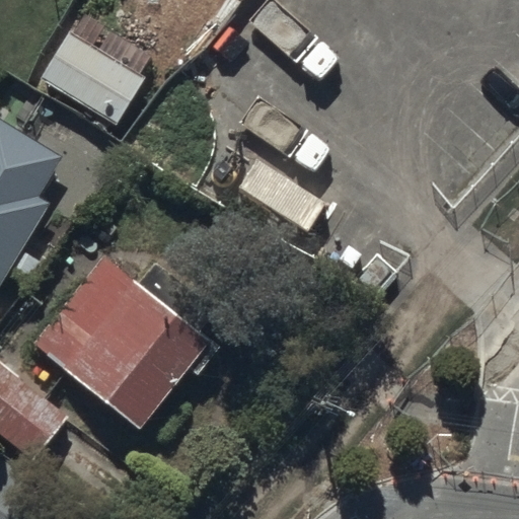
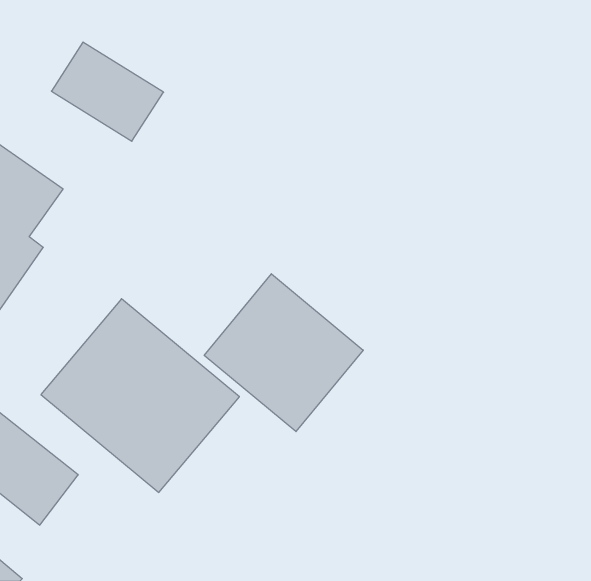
building: none -> [204,274,363,432]

